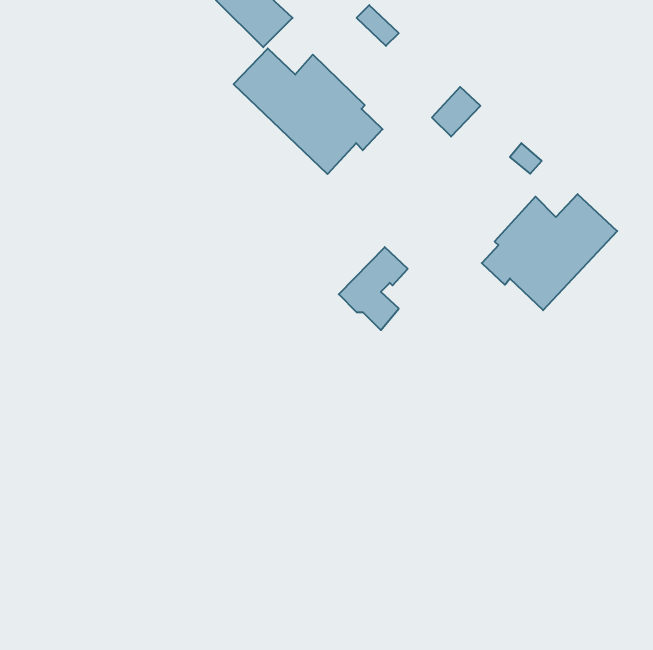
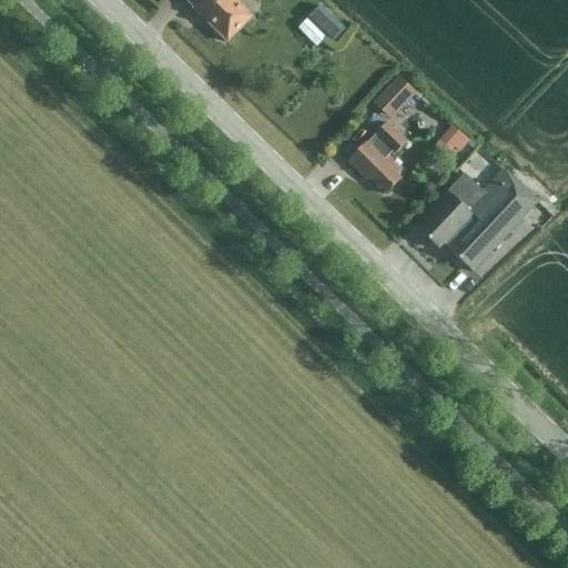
building: [234,48,383,174] -> none
building: [339,247,408,330] -> [348,120,408,192]

